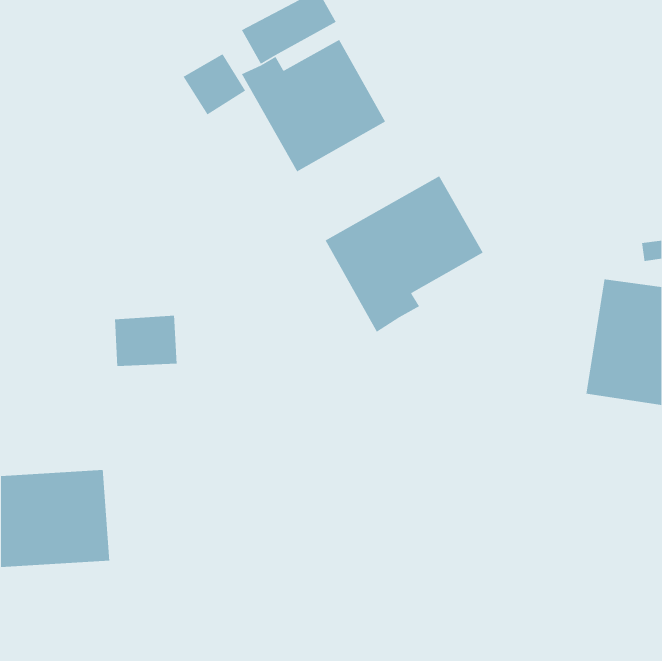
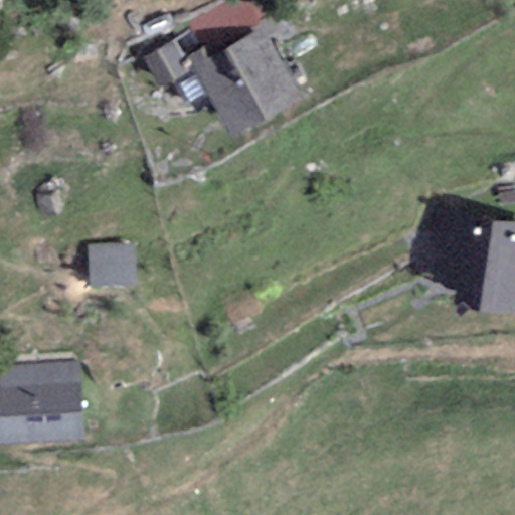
building: [324,175,484,333] -> none

